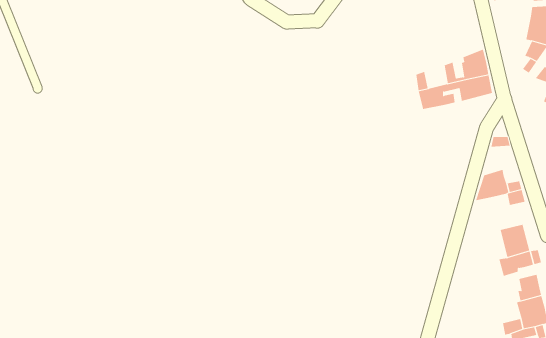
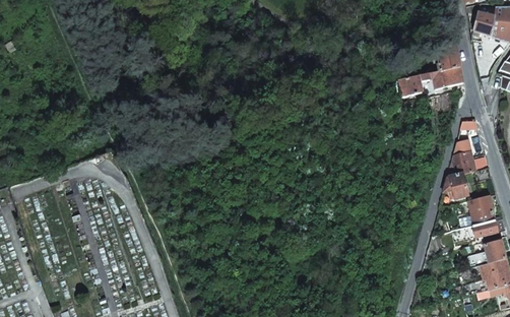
building: none -> [473,10,496,36]
building: none -> [444,173,468,197]

